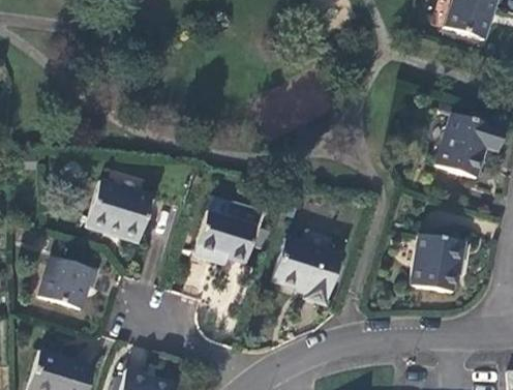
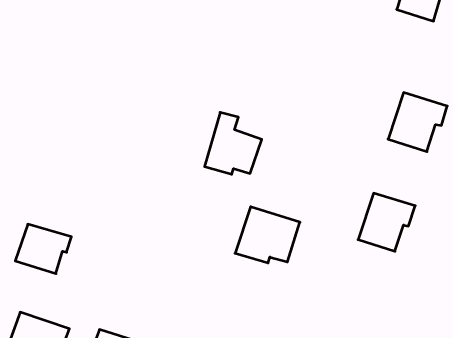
building: [89,181,153,241] -> none
building: [198,198,259,264] -> [205,112,262,174]

